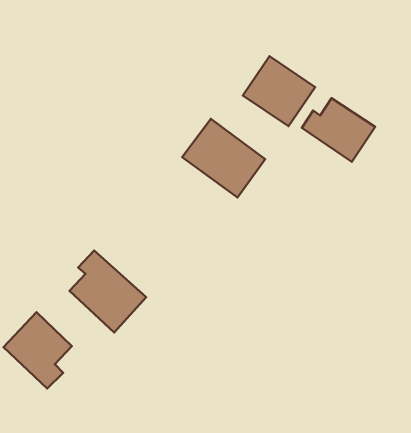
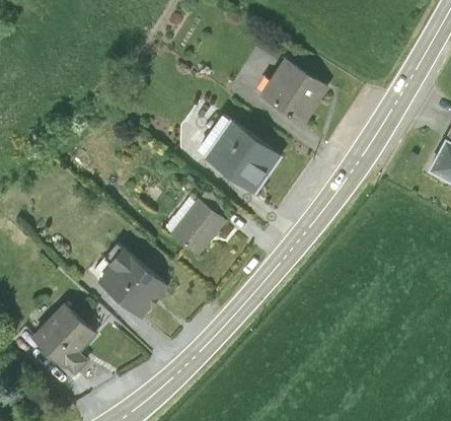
building: [302,98,375,162] -> none
building: none -> [170,199,226,256]

